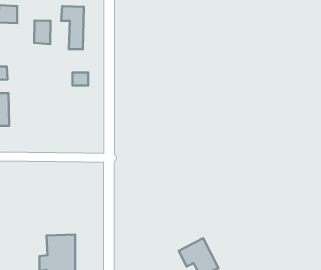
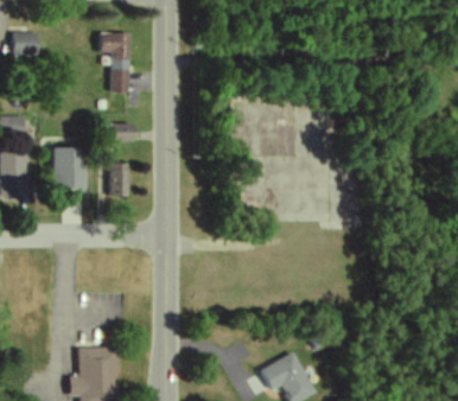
building: [34,21,51,44] -> none
building: none -> [52,147,85,189]
building: none -> [108,163,129,196]

